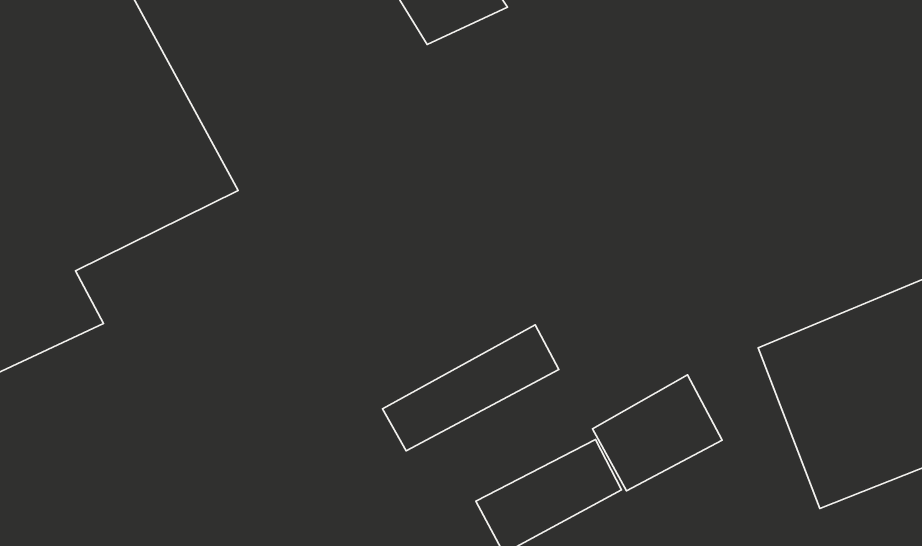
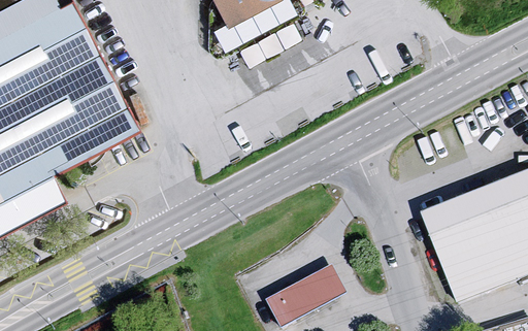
building: [382,325,559,451] -> none
building: [592,375,722,491] -> none

